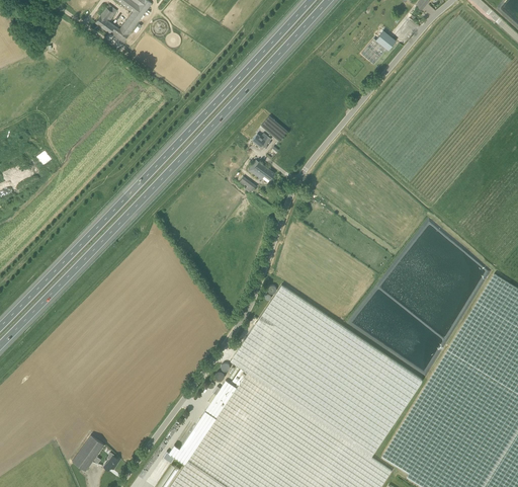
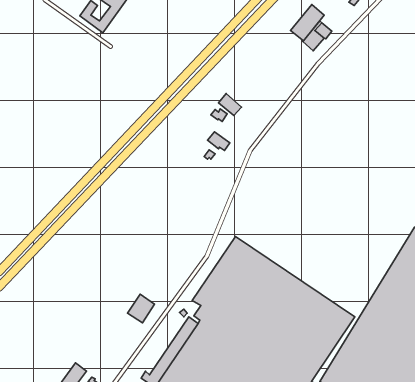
building: none -> [290,5,324,41]
building: none -> [128,294,155,323]

